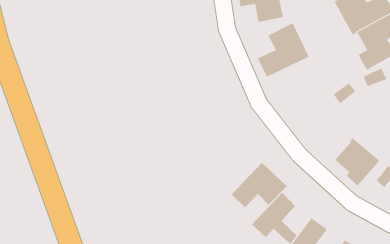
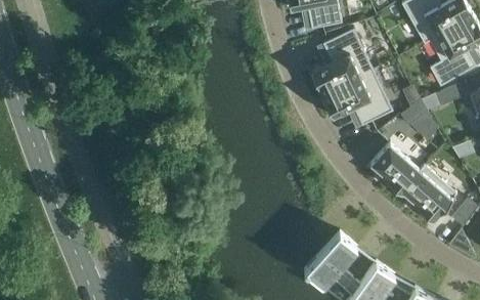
building: none -> [322,70,394,126]
building: none -> [370,142,422,197]
building: [231,162,288,208] -> none

